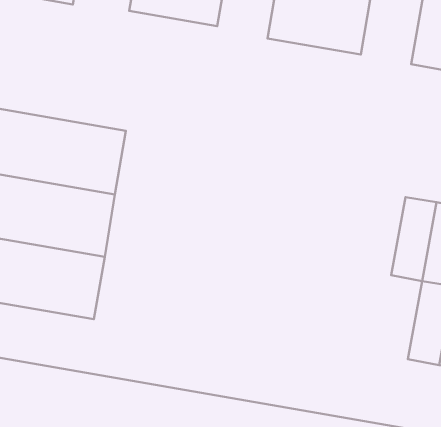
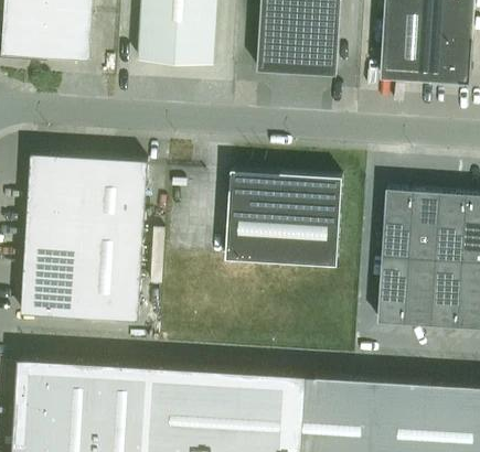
building: none -> [224,170,339,266]
building: none -> [377,256,408,324]

